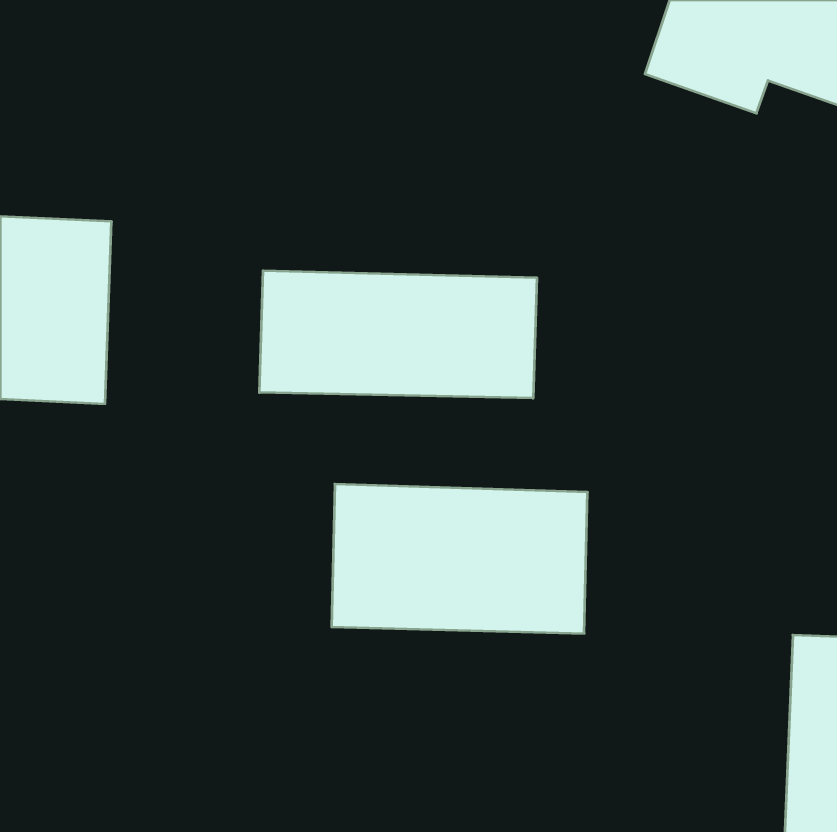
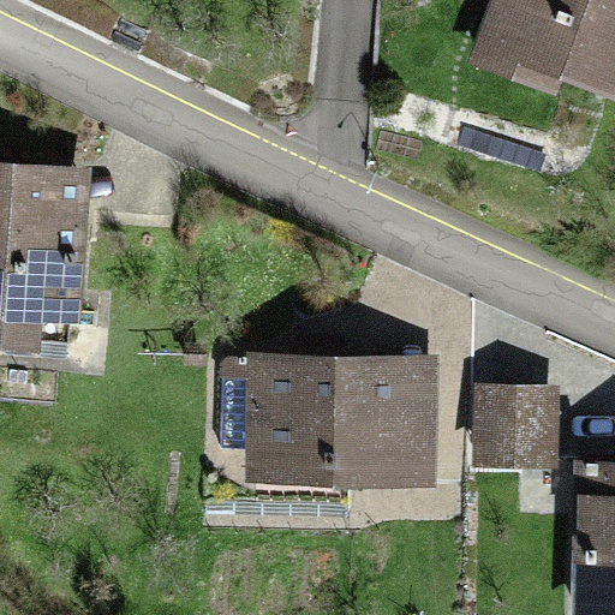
building: [259,271,537,398] -> none
building: none -> [467,390,559,462]

